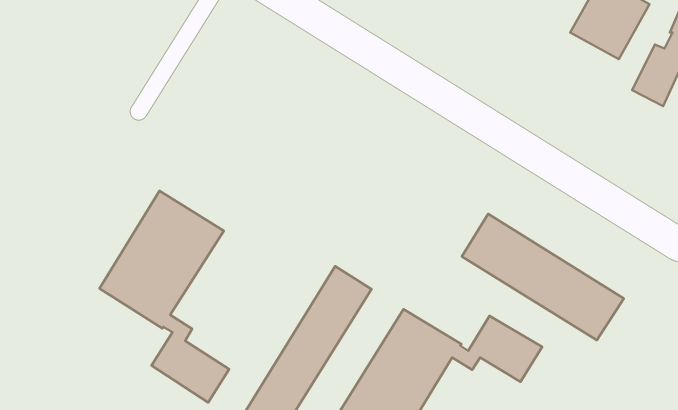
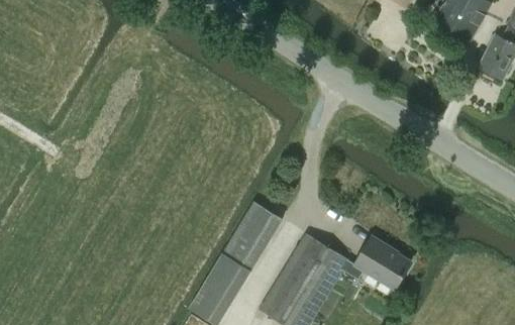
building: [99,191,229,402] -> none
building: [462,214,624,340] -> none

